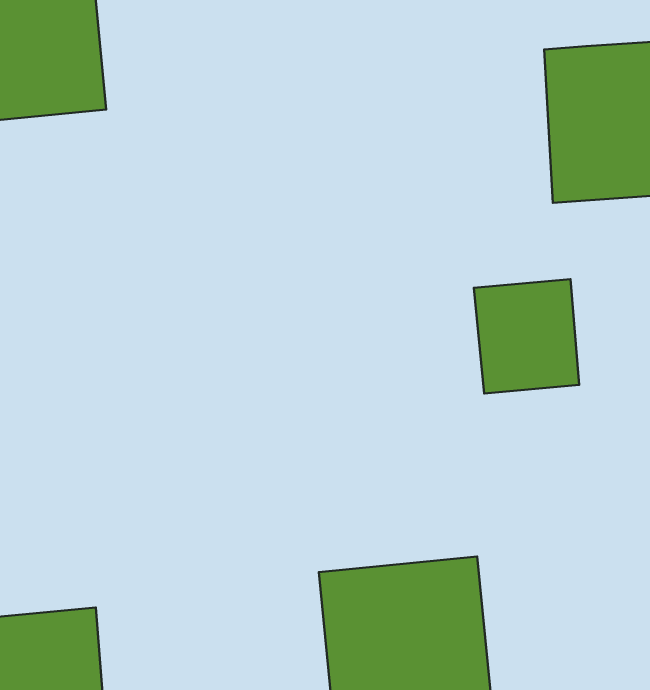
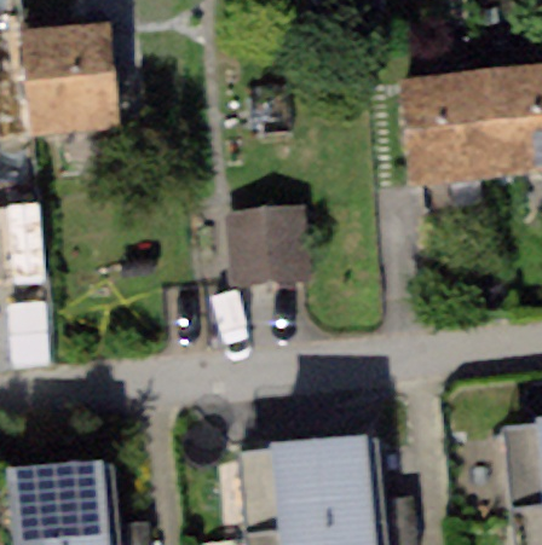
building: [474,279,579,394] -> [229,204,301,283]

